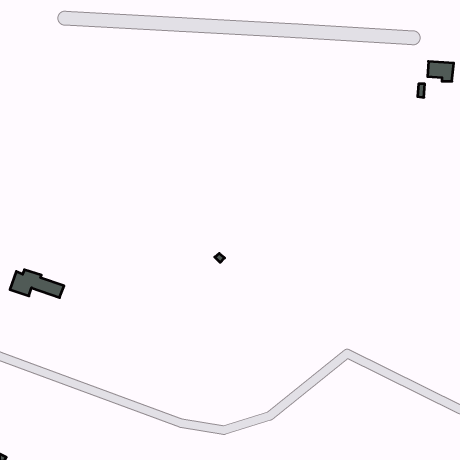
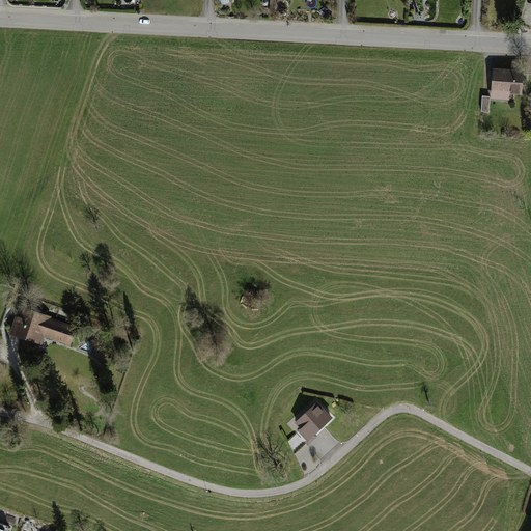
building: none -> [296,404,330,444]

